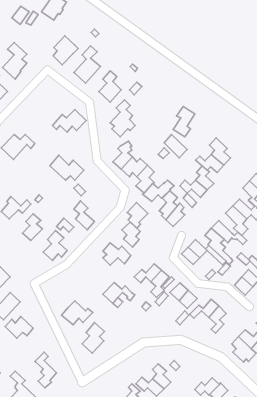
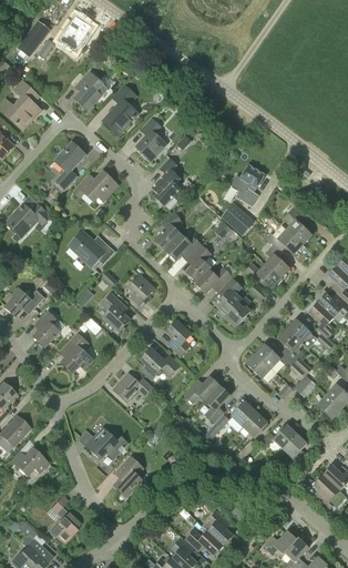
building: none -> [54,141,85,189]
building: [127,203,148,228] -> [127,273,155,307]
building: [103,282,135,303] -> [113,373,156,400]

